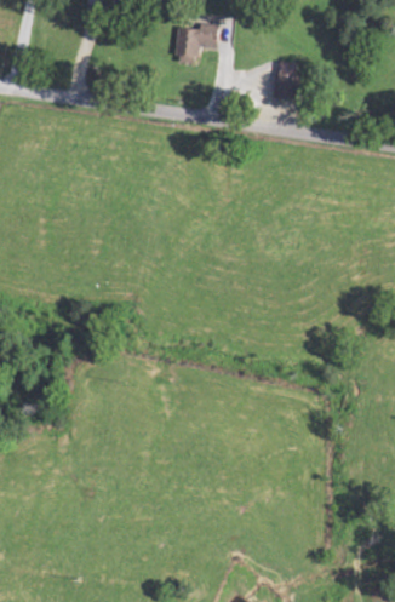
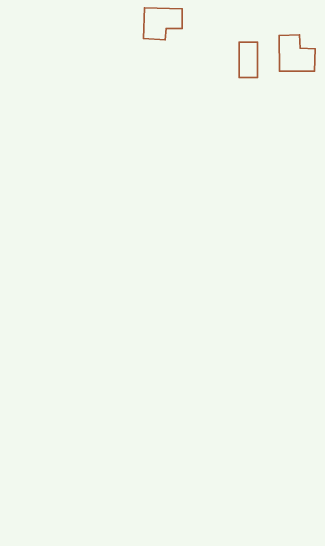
building: none -> [279,35,315,71]

